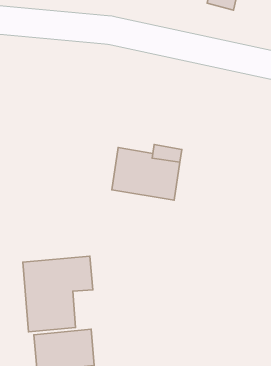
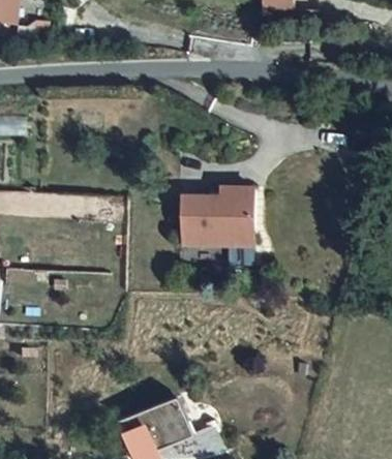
building: [23,256,93,332] -> none

